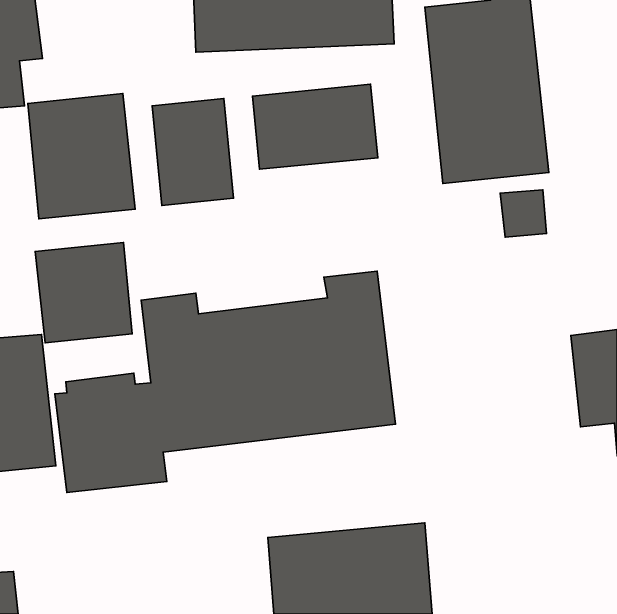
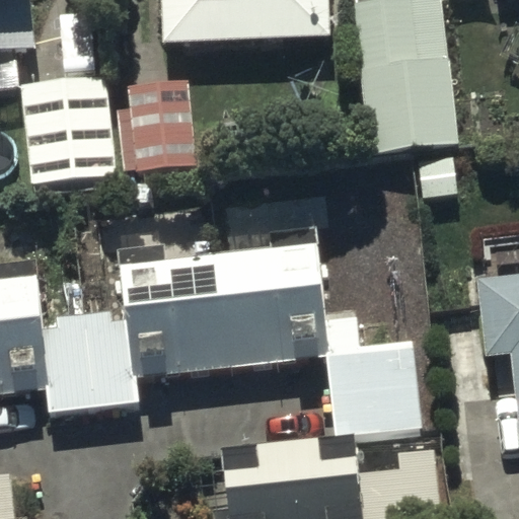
building: [252,84,378,169] -> none
building: [35,242,132,343] -> none
building: none -> [328,348,420,434]

